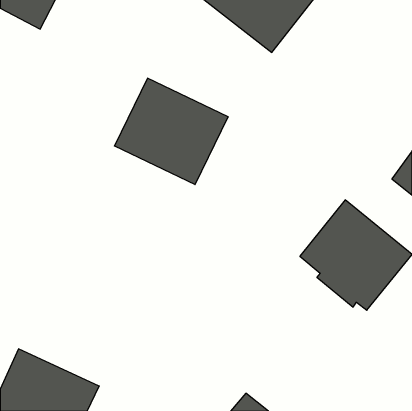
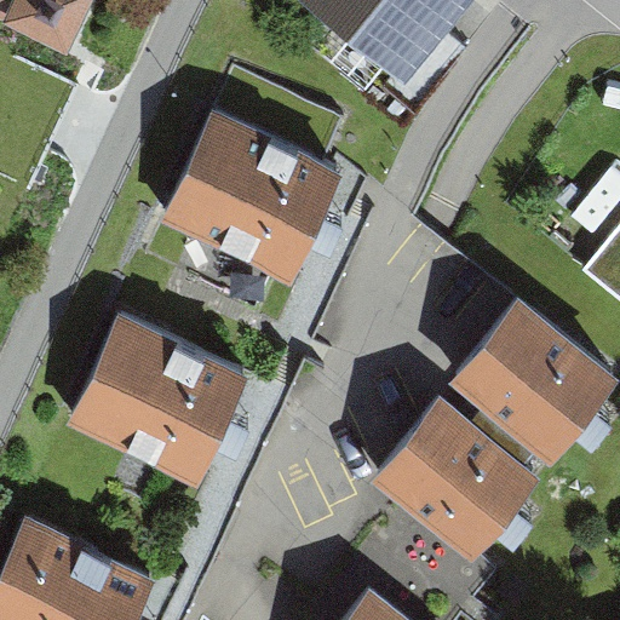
building: none -> [75,322,245,480]
building: none -> [373,400,539,564]

